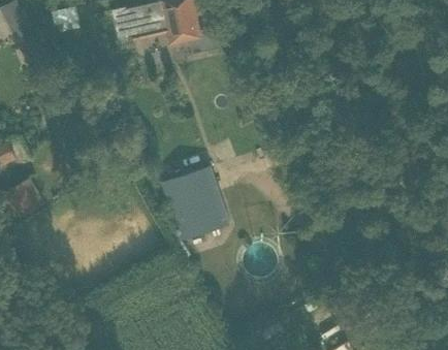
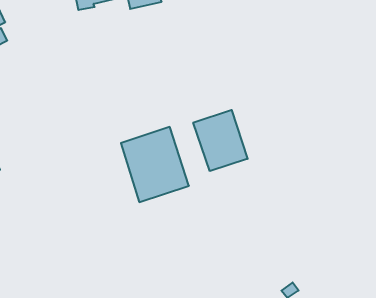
building: none -> [193,110,248,171]

